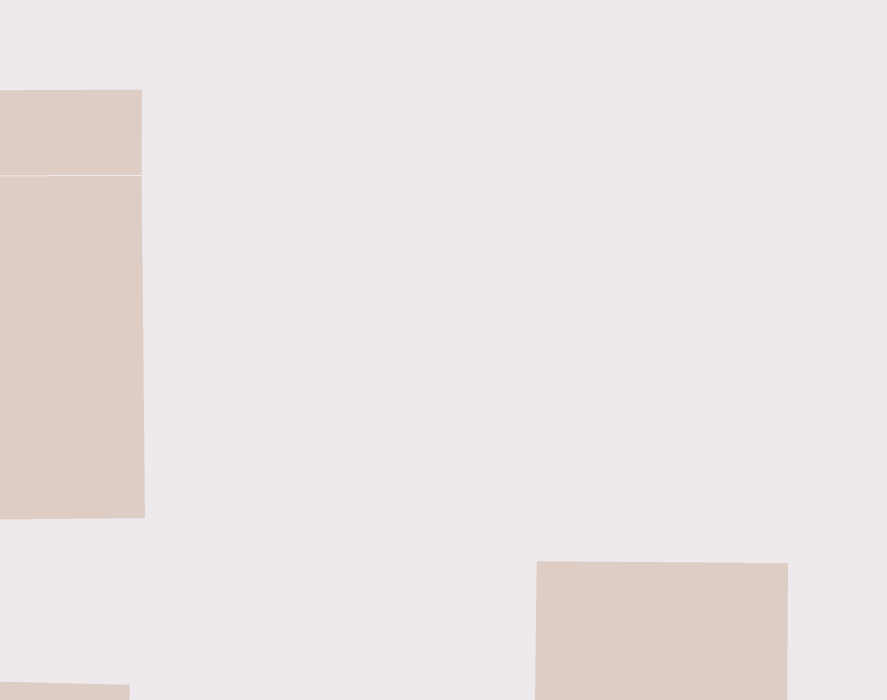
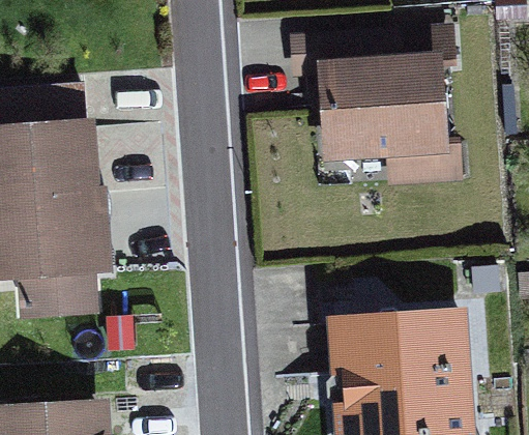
building: none -> [350,29,478,153]

